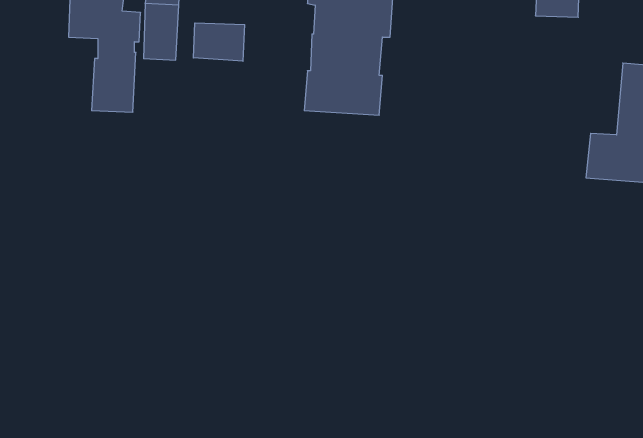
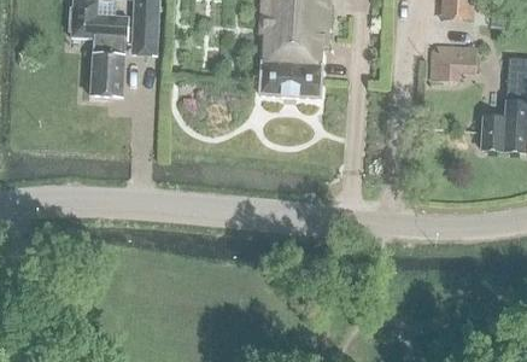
building: [193,23,245,61] -> none
building: none -> [431,45,476,81]

